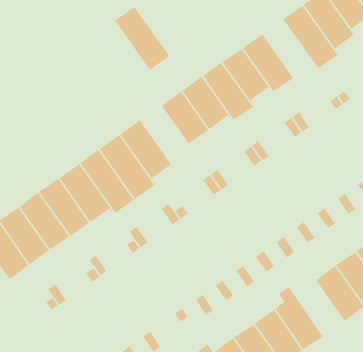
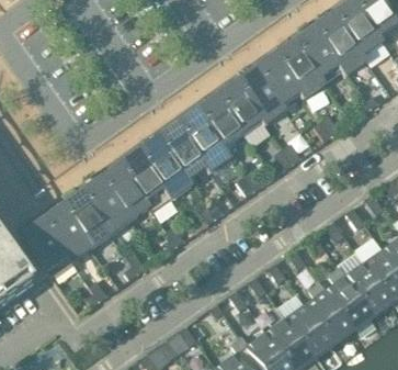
building: [114,7,170,71] -> [175,110,229,171]
building: none -> [293,27,345,83]
building: none -> [317,268,371,330]

